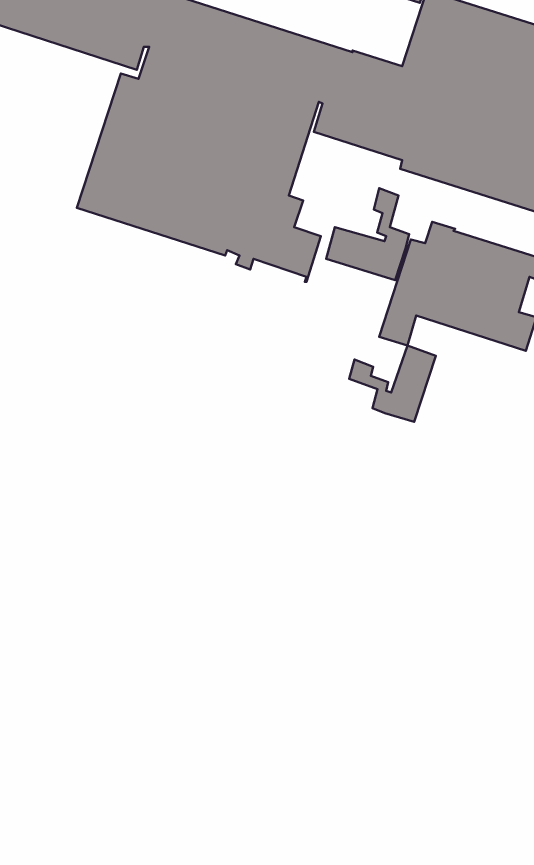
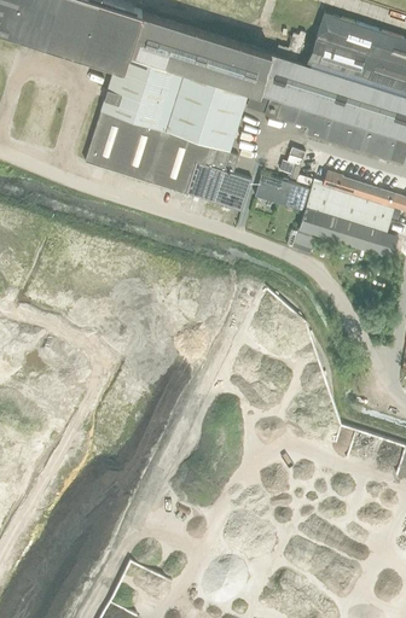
building: [349,346,436,422] -> none

